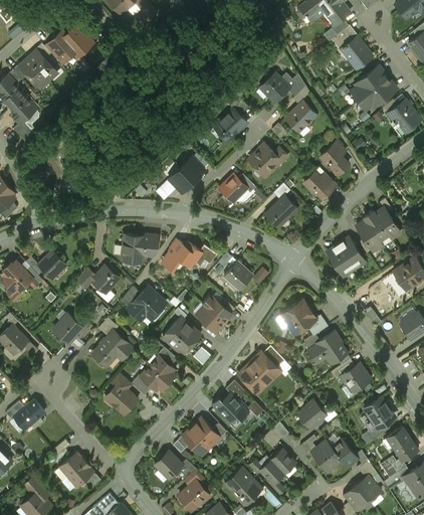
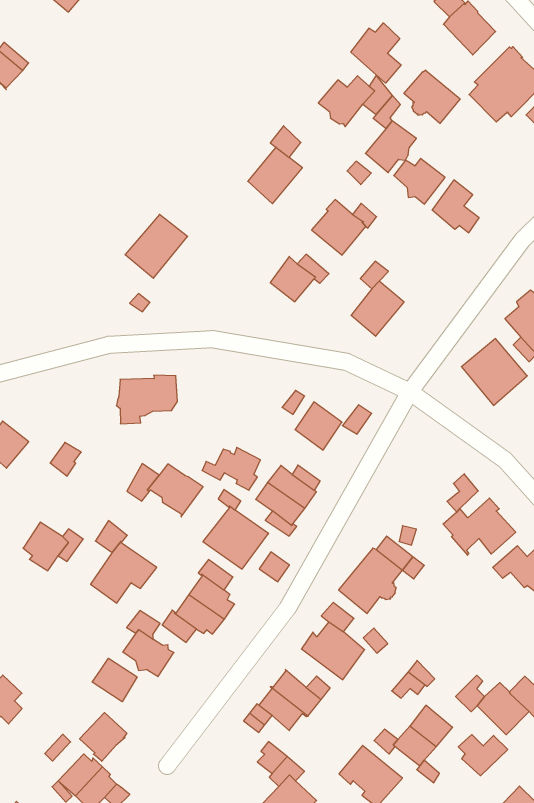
building: none -> [351,23,401,83]
building: none -> [404,70,460,123]
building: [164,154,202,191] -> [125,214,188,278]
building: [306,172,337,199] -> [394,158,445,204]
building: [166,243,201,270] -> [202,447,260,490]
building: [91,266,119,293] -> none
building: [280,300,311,333] -> none
building: none -> [92,658,137,702]
building: [297,399,326,428] -> none
building: none -> [80,713,127,761]
building: [155,451,183,479] -> none
building: none -> [458,735,508,776]

